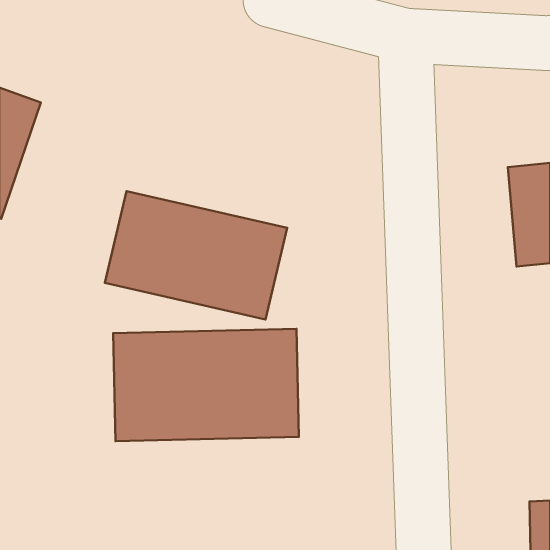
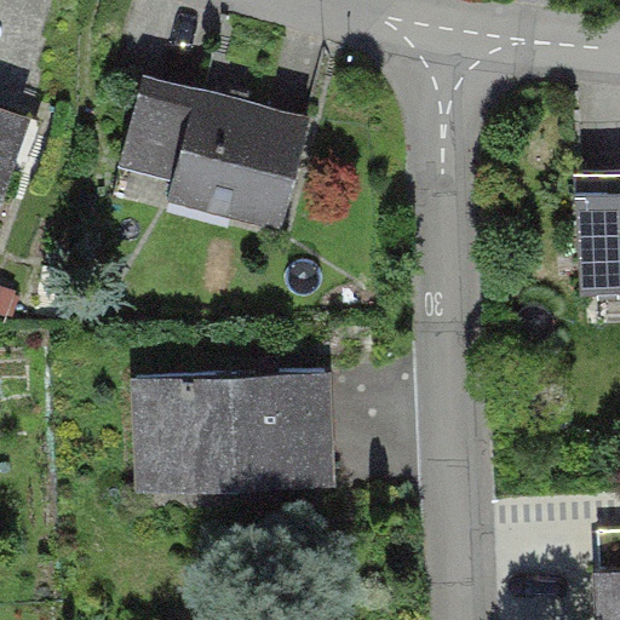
building: [105,191,287,319] -> [111,79,316,223]

